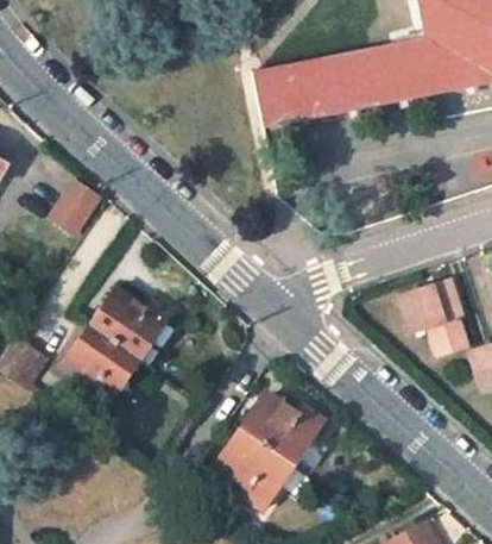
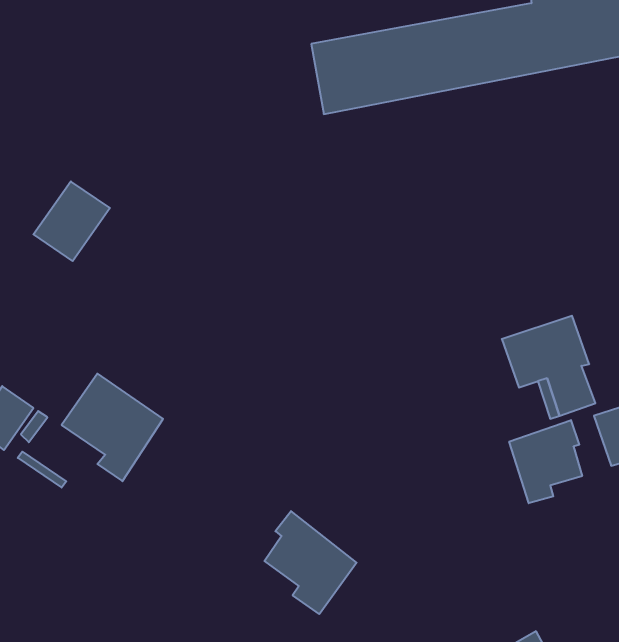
building: [92,288,171,357] -> none
building: none -> [509,420,582,503]
building: [239,393,323,467] -> none

